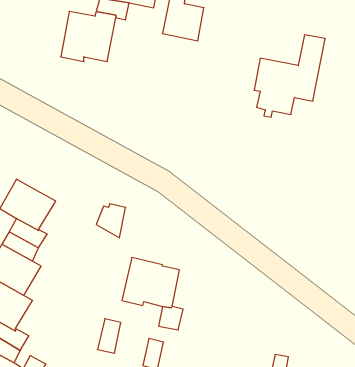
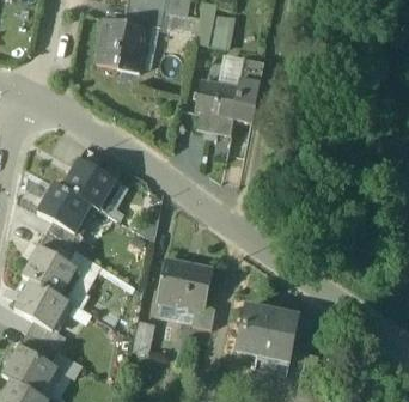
building: [254,35,325,117] -> [195,59,264,139]
building: none -> [62,159,116,209]
building: none -> [237,307,299,360]

